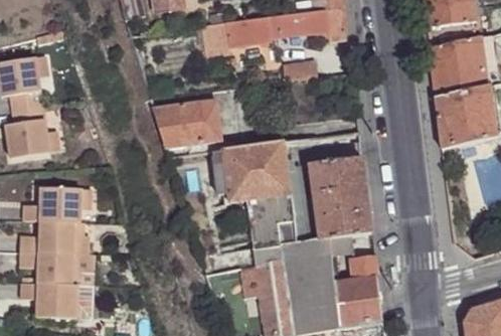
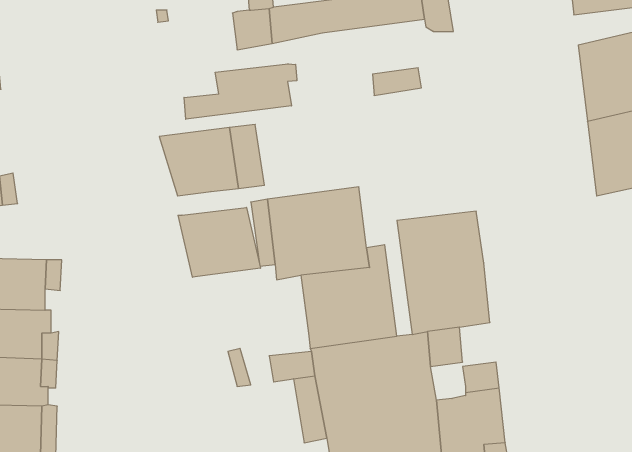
building: none -> [184,64,297,119]
building: none -> [178,207,260,277]

